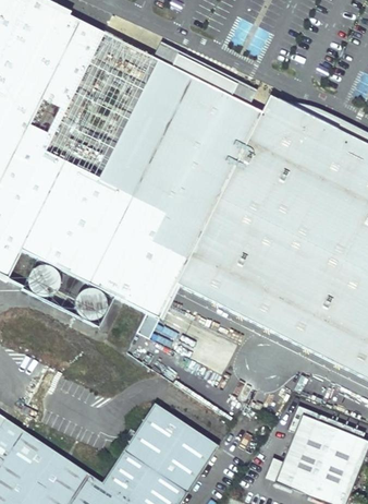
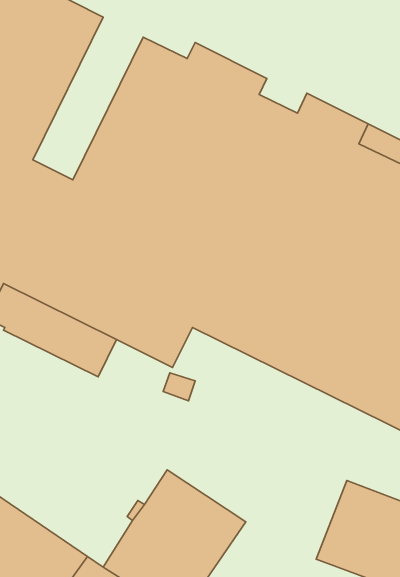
building: [44,29,134,163] -> none

